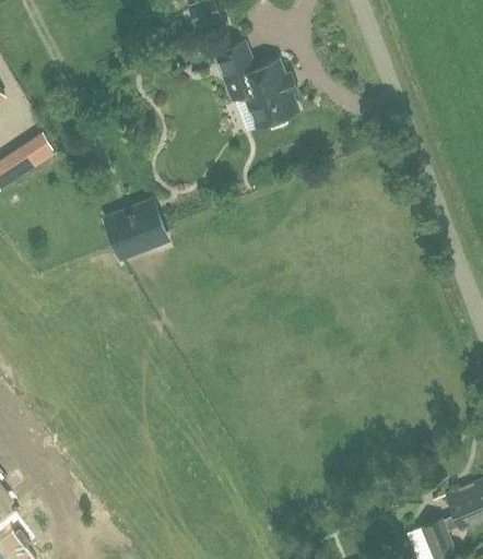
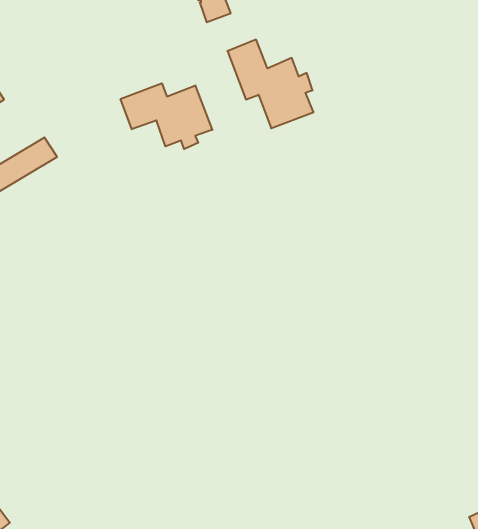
building: none -> [121,83,212,149]
building: [105,202,163,254] -> none

